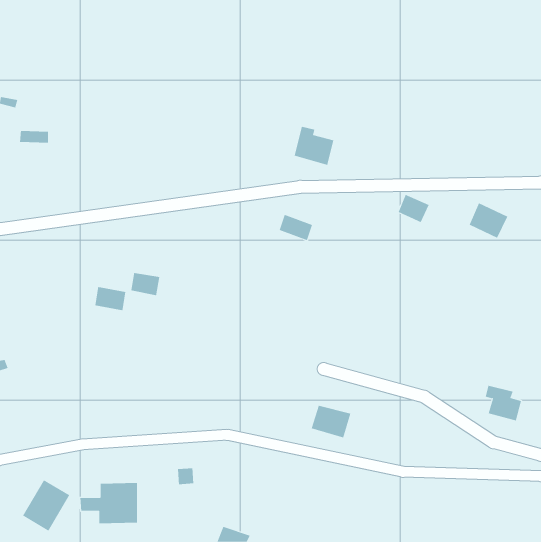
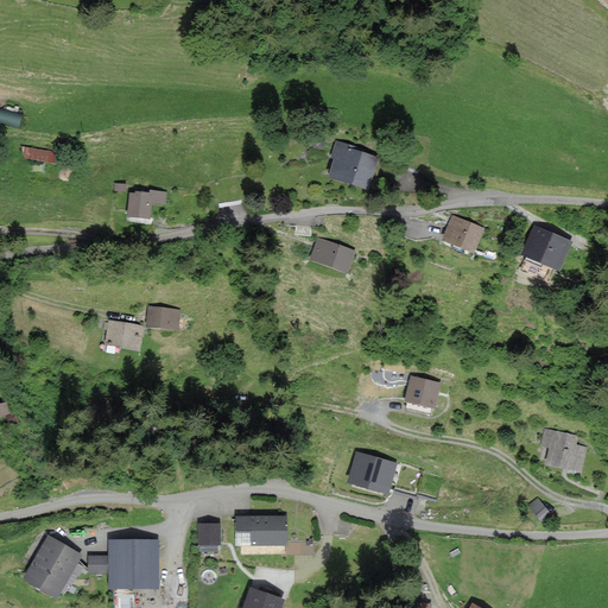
building: none -> [127,189,169,217]
building: none -> [406,376,437,405]
building: none -> [238,517,284,544]

